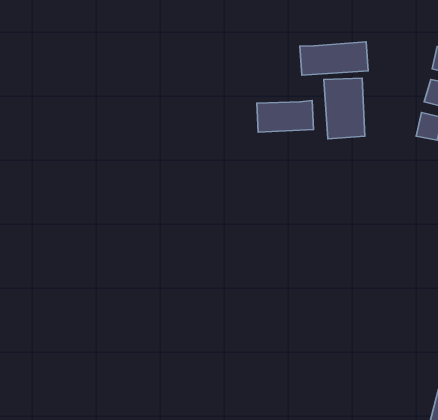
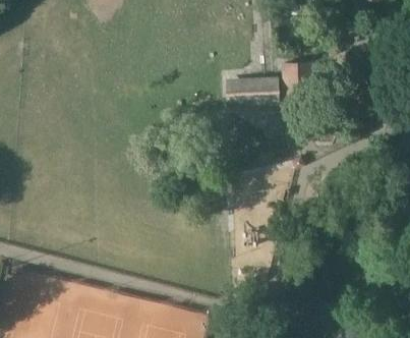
building: [300,42,368,75] -> none

